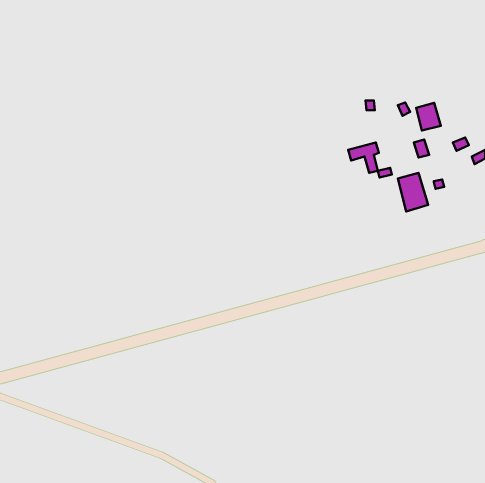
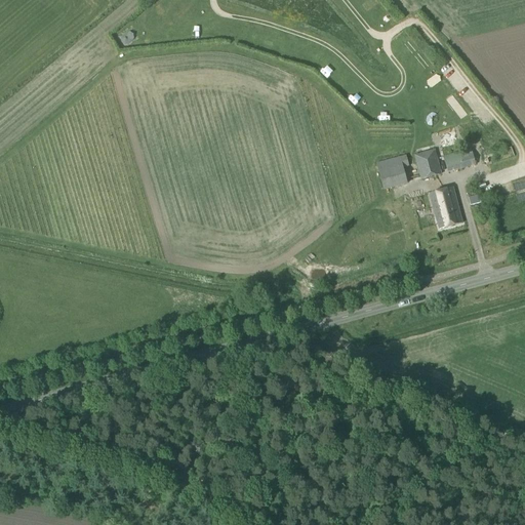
building: [416,103,441,131] -> [414,149,441,178]

